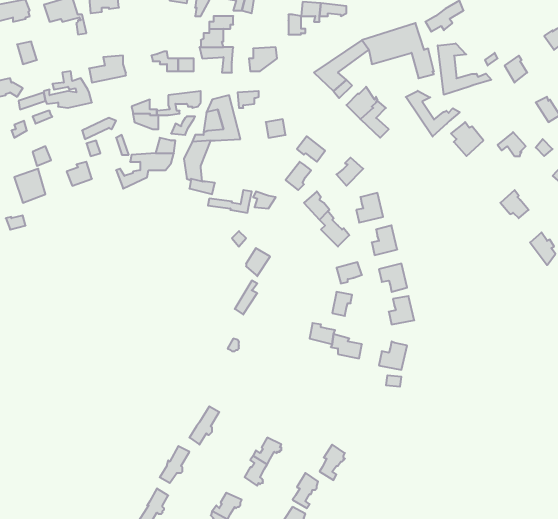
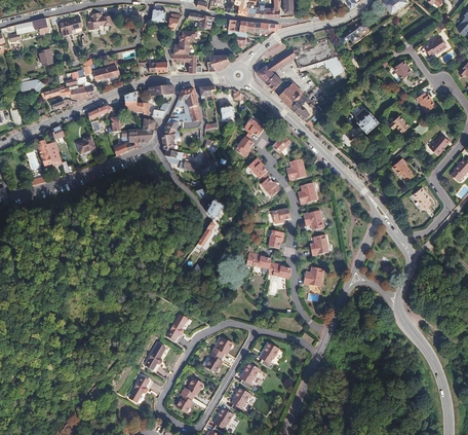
building: [438,43,491,95] -> none
building: [406,91,460,137] -> none

